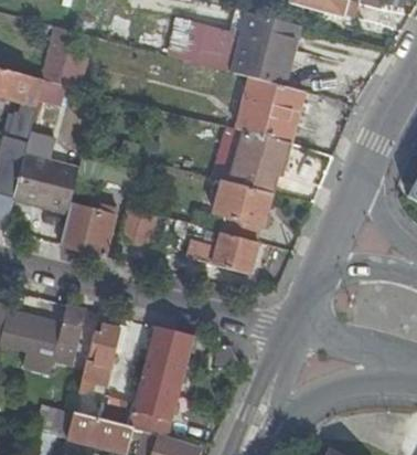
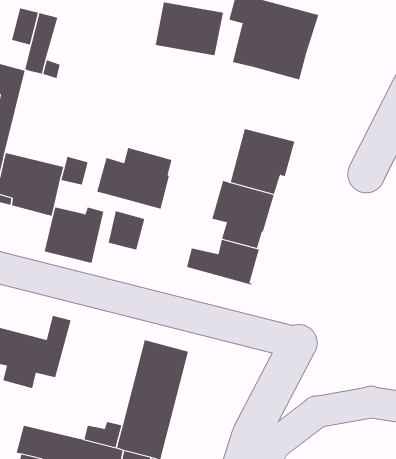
building: [237,76,304,145] -> none
building: none -> [97,147,172,210]
building: [79,325,128,391] -> none

